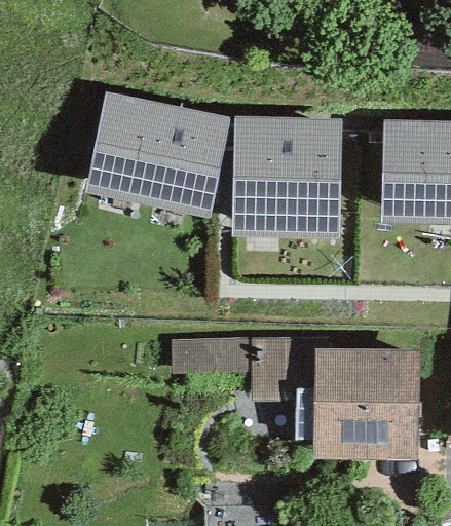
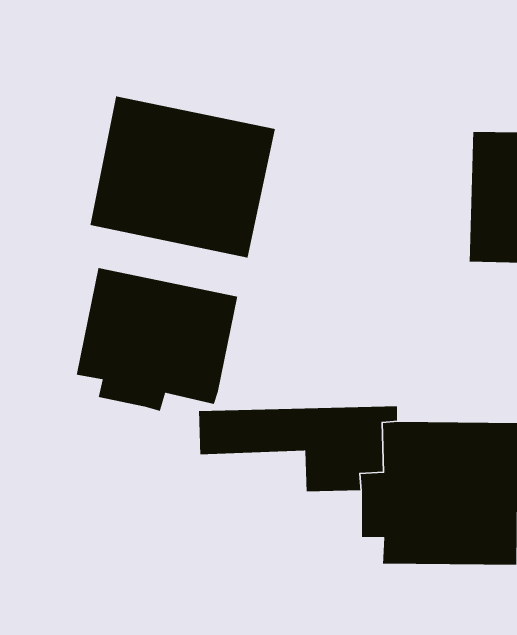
building: [231,116,342,235] -> none
building: none -> [76,267,238,412]

